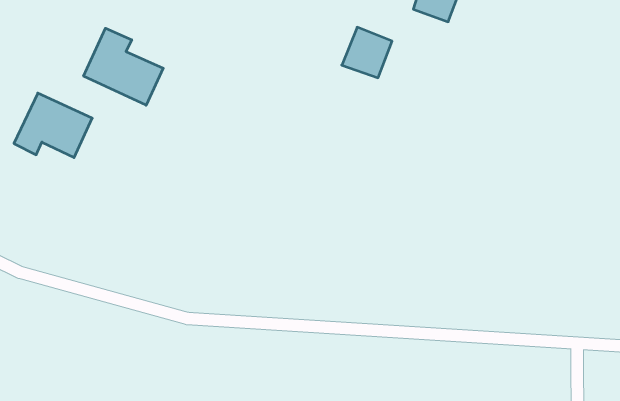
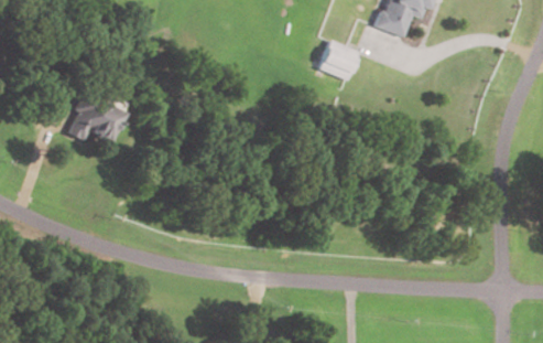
building: [84,28,163,105] -> none

